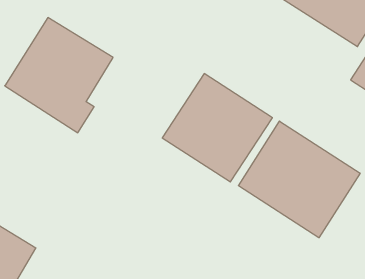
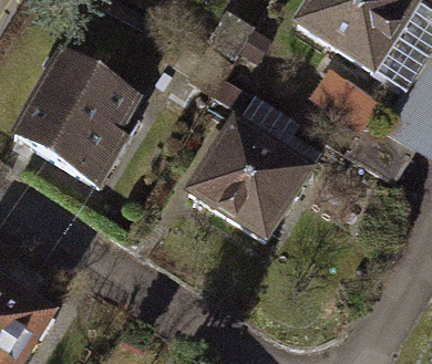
building: [238,121,360,238] -> none

